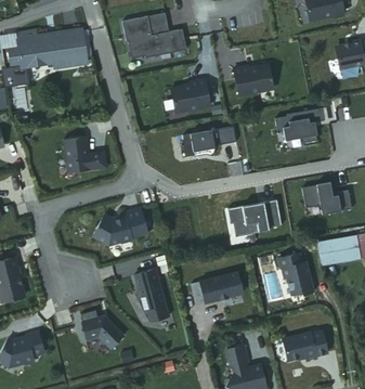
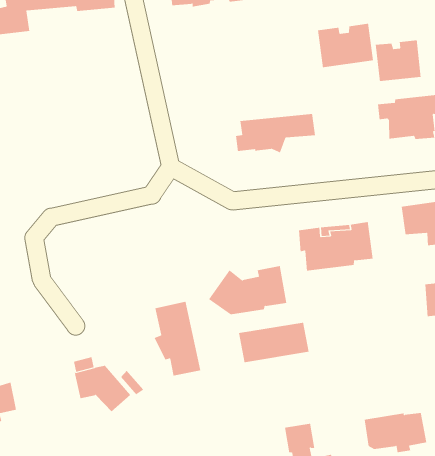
building: none -> [375,40,421,82]
building: [168,79,208,113] -> none
building: [64,137,106,172] -> none
building: [92,207,147,244] -> [208,266,287,315]
building: [278,252,314,294] -> none

